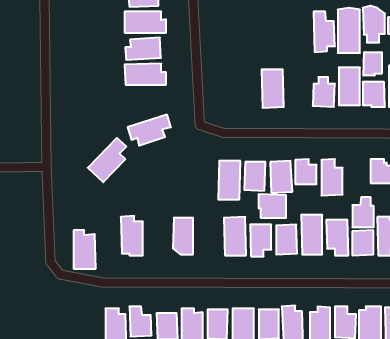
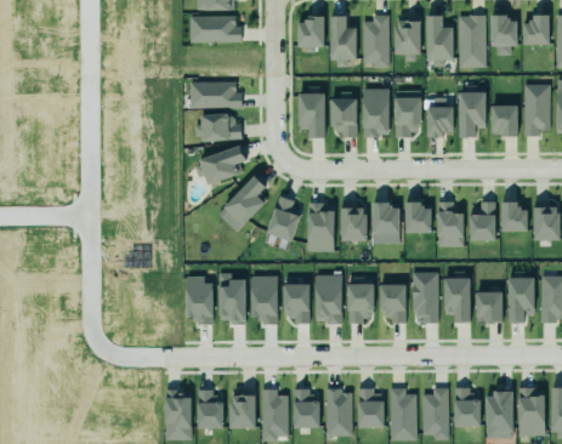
building: none -> [362,15,388,68]
building: none -> [295,16,322,51]
building: none -> [329,16,357,61]
building: none -> [394,18,420,62]
building: [125,38,161,60] -> [194,113,239,141]
building: [363,52,382,76] -> none
building: none -> [296,93,323,138]
building: none -> [393,97,419,136]
building: none -> [328,98,354,137]
building: [88,138,126,182] -> [217,176,266,232]
building: none -> [266,195,300,241]
building: [259,194,286,218] -> none
building: [352,197,374,227] -> [469,199,495,237]
building: none -> [283,284,310,324]
building: [74,230,96,269] -> [218,274,246,323]

